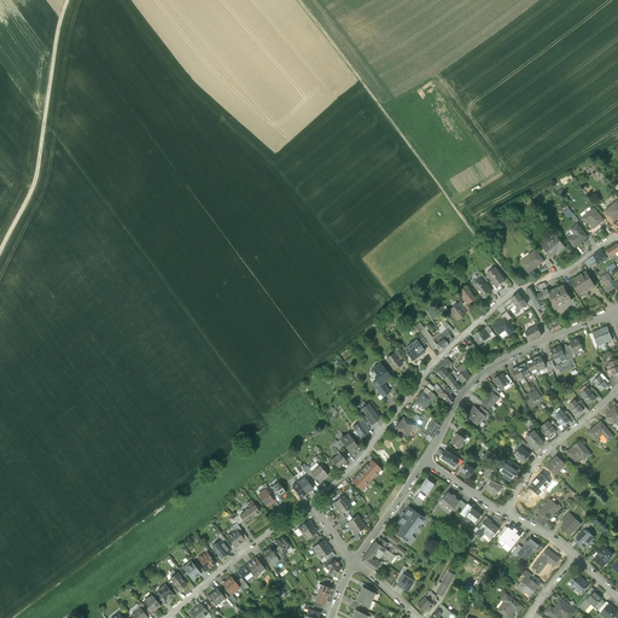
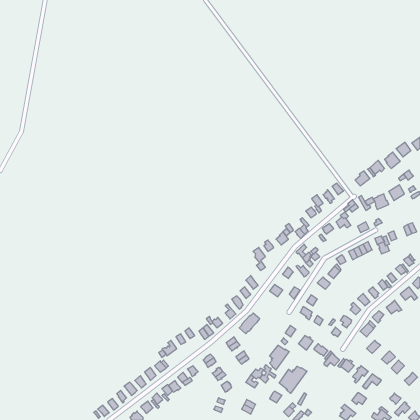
building: none -> [279,366,307,393]

